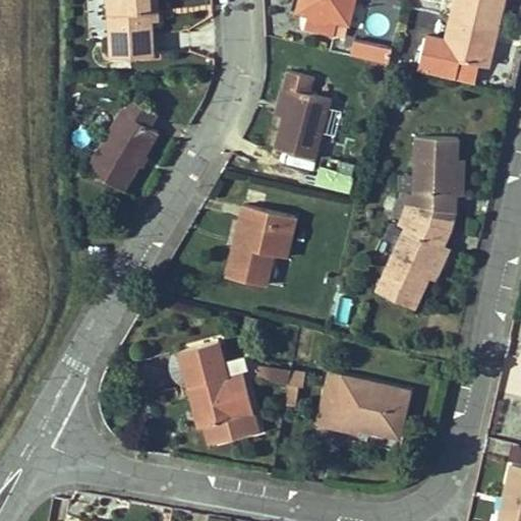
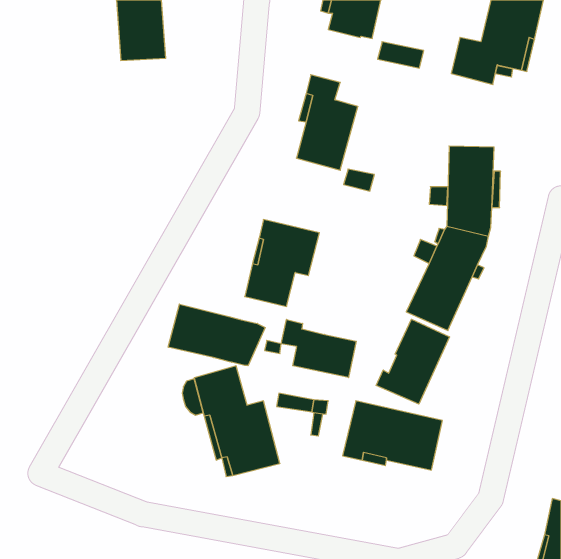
building: [88,98,158,191] -> none
building: none -> [168,304,265,366]
building: none -> [376,319,449,404]
building: none -> [281,319,356,378]

